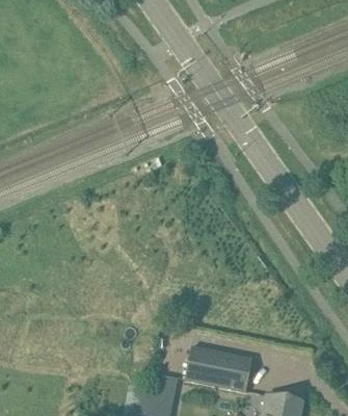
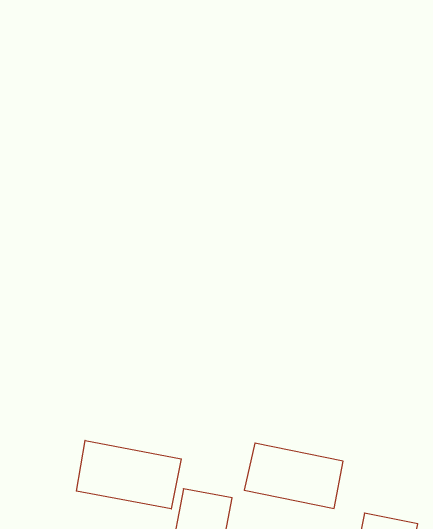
building: none -> [76,440,181,509]

